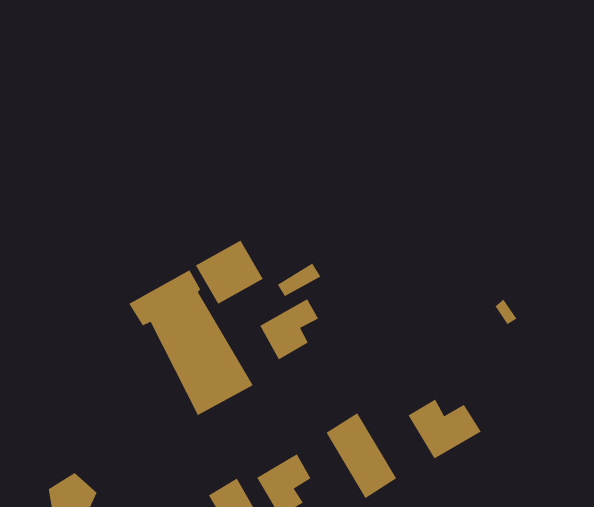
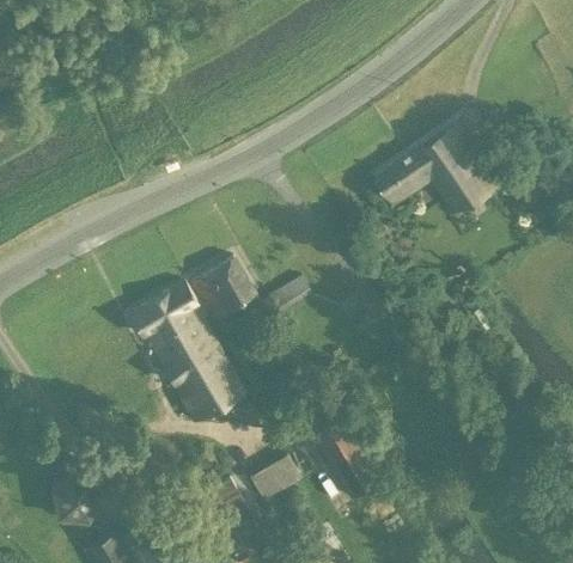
building: none -> [376,122,500,213]
building: [259,298,319,361] -> none
building: [408,399,482,460] -> none

